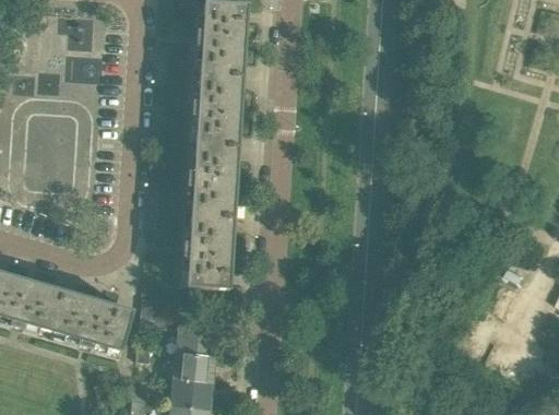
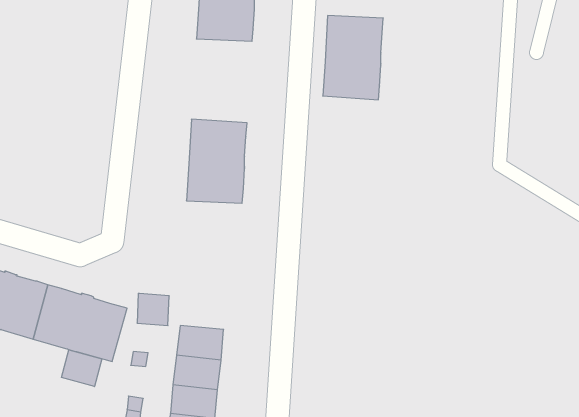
building: [189,71,242,145] -> [323,16,383,100]
building: [180,214,234,287] -> none
building: none -> [61,350,102,387]

